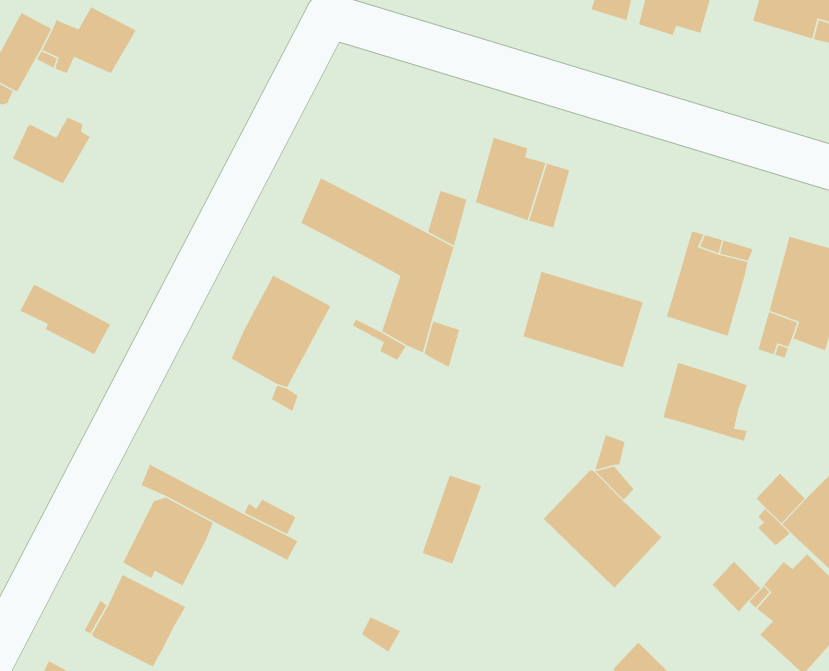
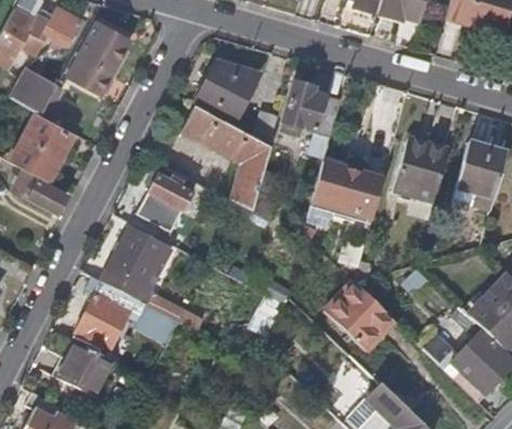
building: none -> [67,19,128,95]
building: none -> [197,61,261,122]
building: none -> [12,112,75,182]
building: [663,362,748,442] -> none
building: none -> [110,228,164,287]

